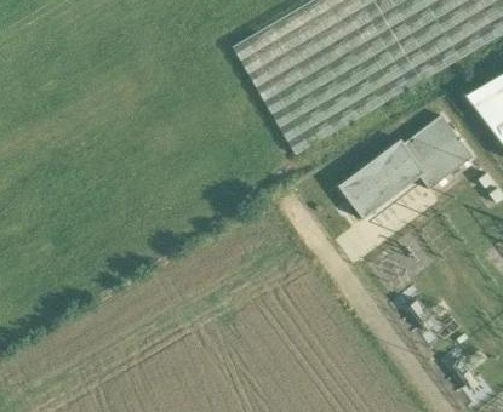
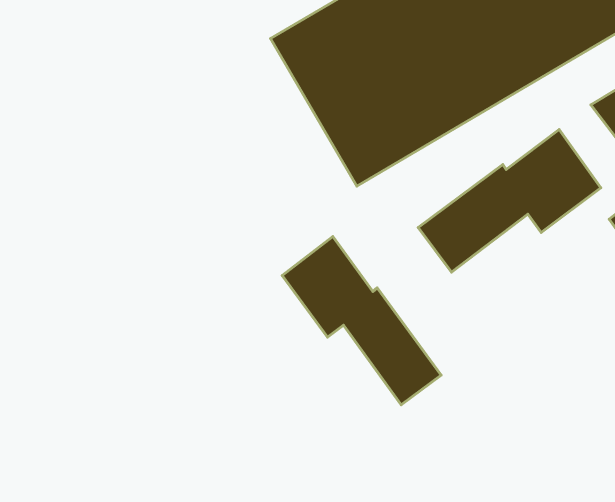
building: none -> [282,237,441,405]

